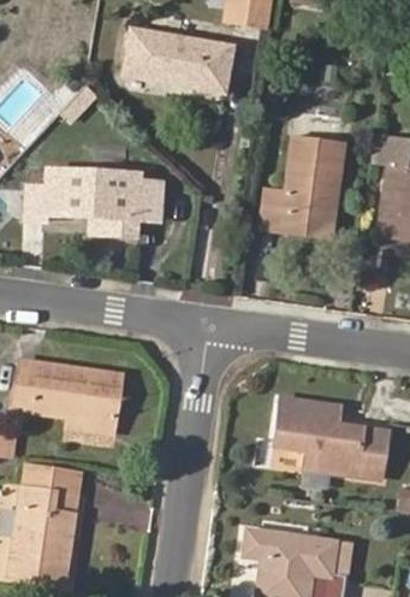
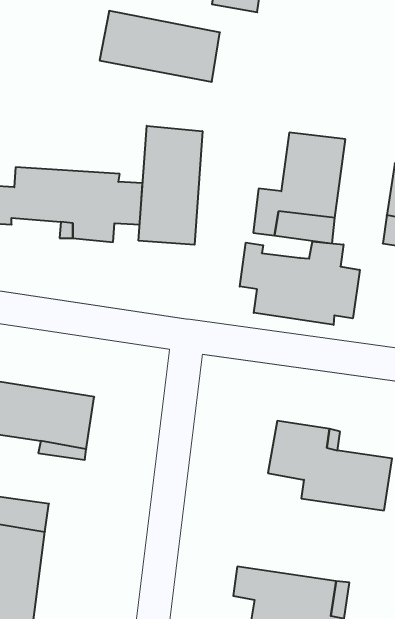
building: none -> [139,126,202,245]
building: none -> [240,241,360,325]

